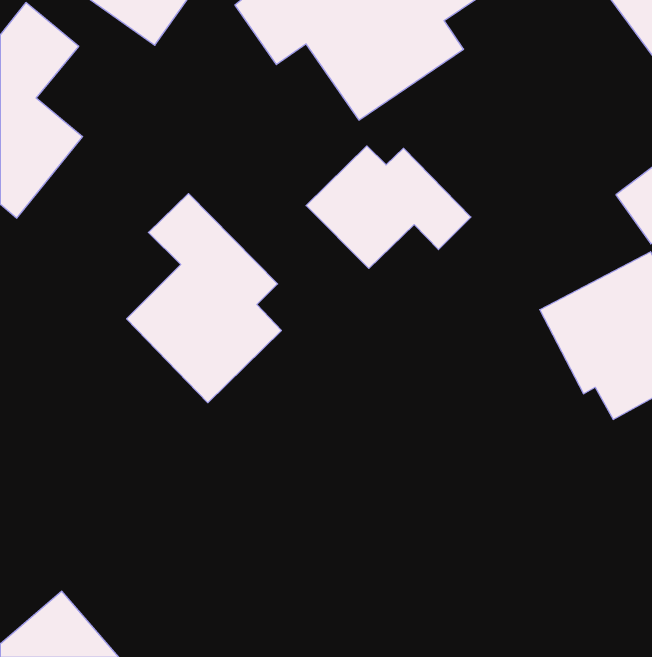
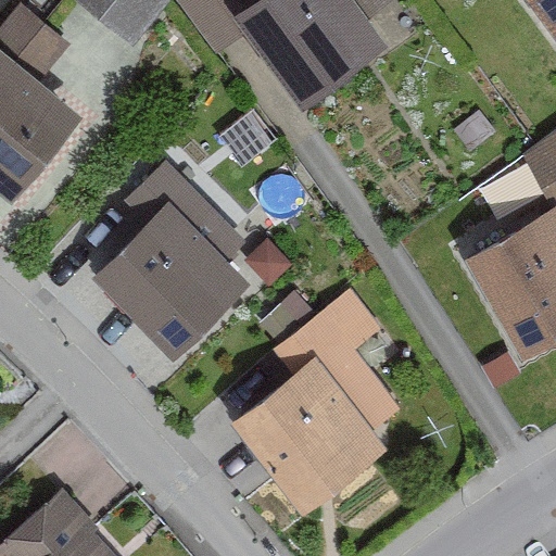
building: [306,146,471,268] -> none
building: none -> [223,292,407,515]

